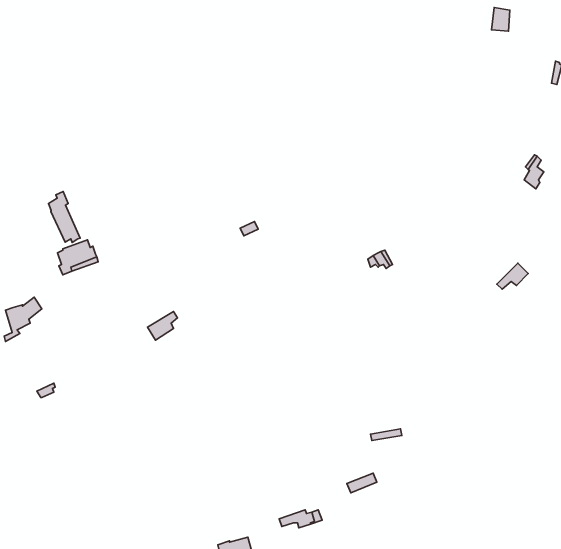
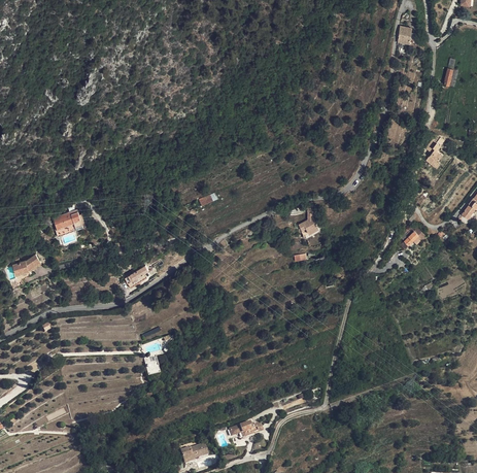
building: [49,192,80,242] -> none

